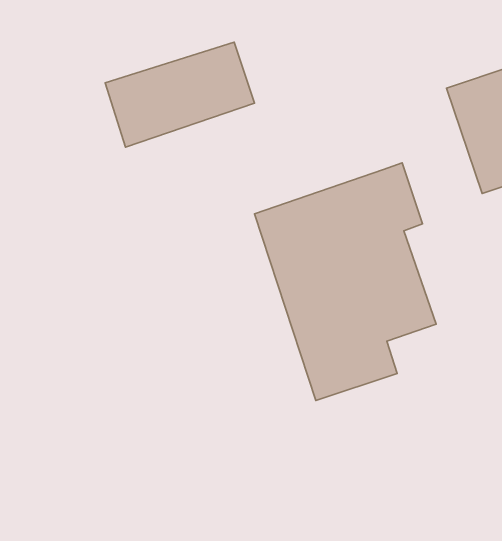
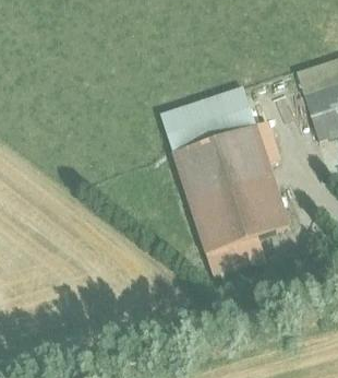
building: [105,42,254,147] -> [160,87,256,155]

